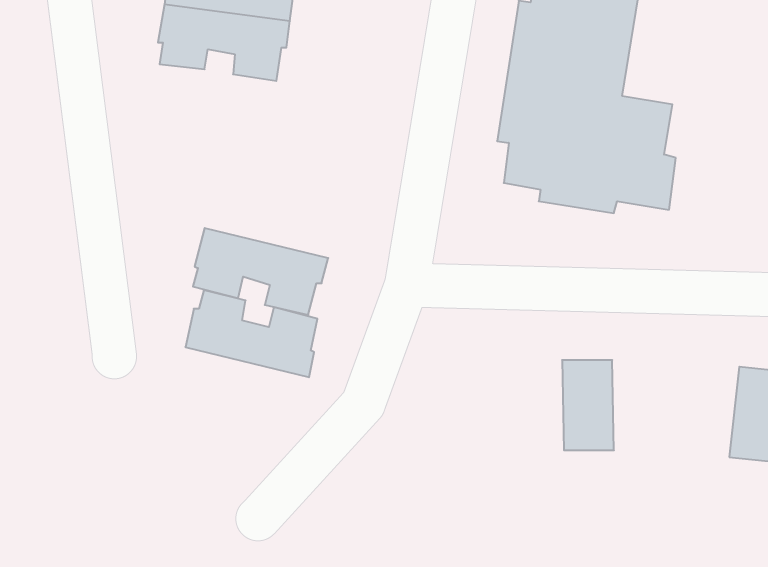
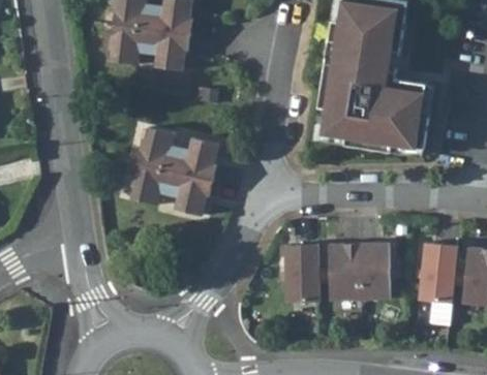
building: [185,290,317,377] -> [138,126,219,180]
building: none -> [420,242,458,326]
building: none -> [329,243,360,300]
building: none -> [286,244,319,303]

